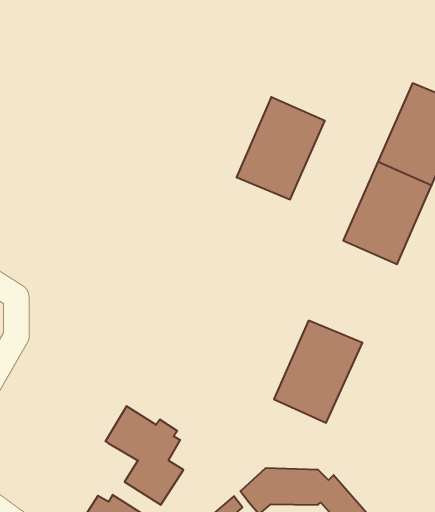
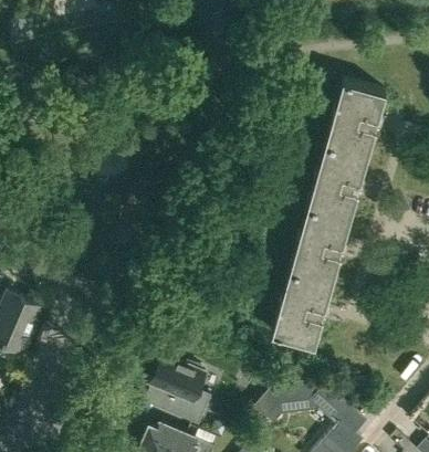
building: [236,97,325,199] -> [291,204,352,280]

